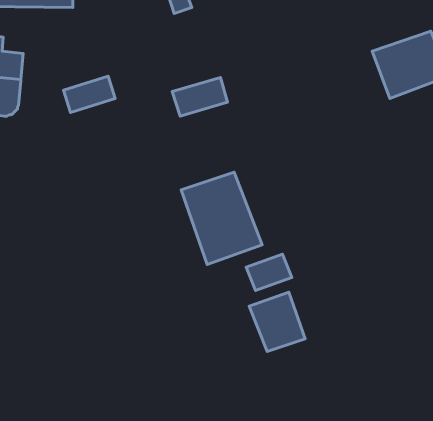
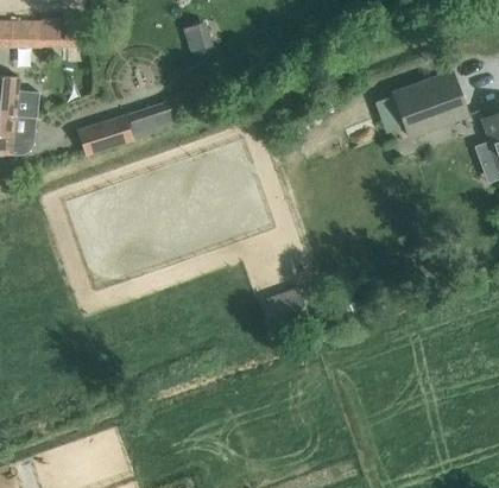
building: [172,77,227,116] -> [127,99,183,138]
building: [181,172,262,264] -> none
building: [249,292,305,352] -> none

